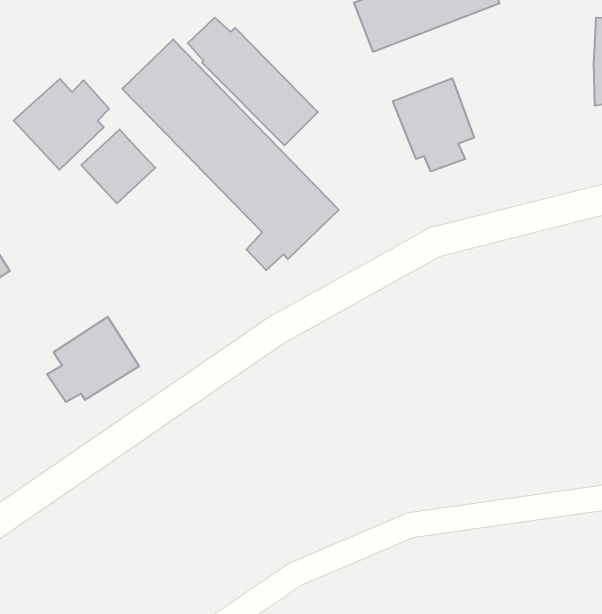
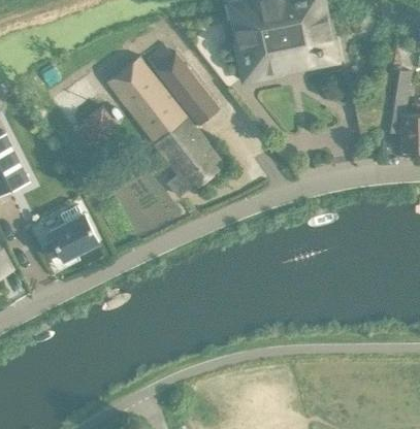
building: [393,78,474,171] -> none
building: [14,79,109,170] -> none

